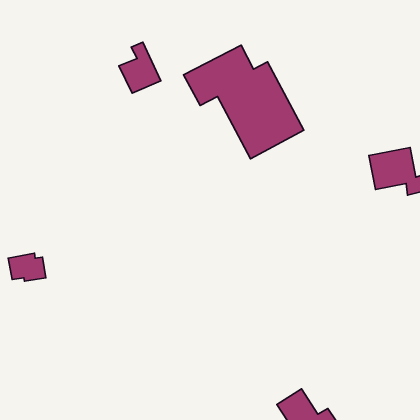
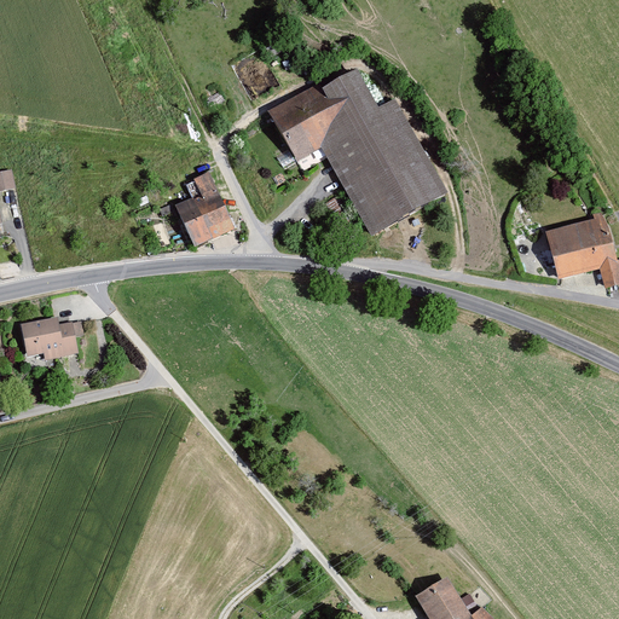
building: [119,42,161,93] -> [172,172,233,247]
building: [8,253,46,281] -> [27,314,82,355]

